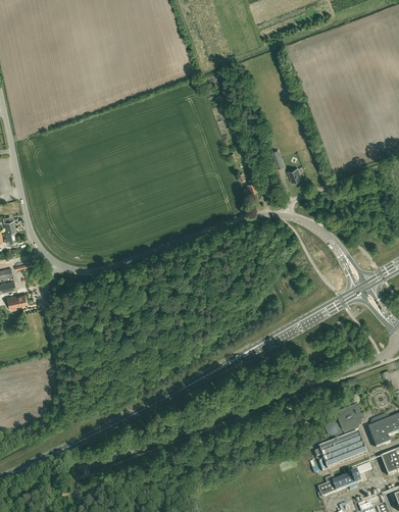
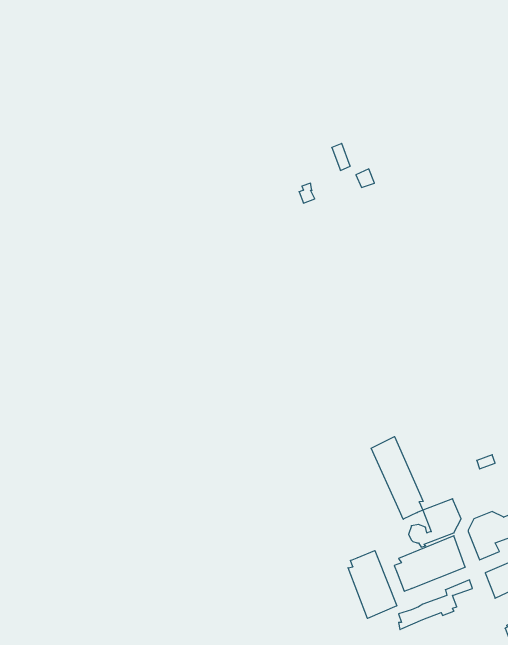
building: none -> [371,437,423,519]
building: none -> [348,551,397,618]

